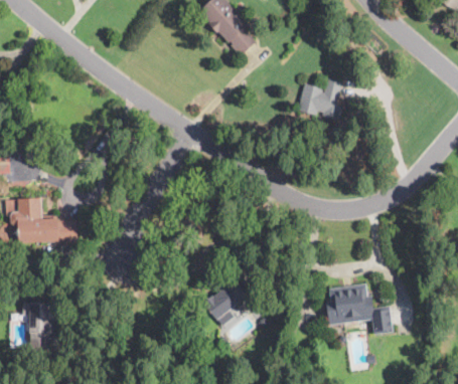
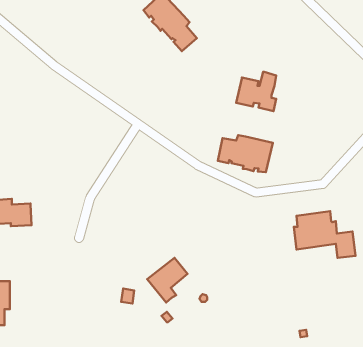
building: none -> [218,135,273,172]
building: [325,284,392,335] -> [294,211,355,258]

